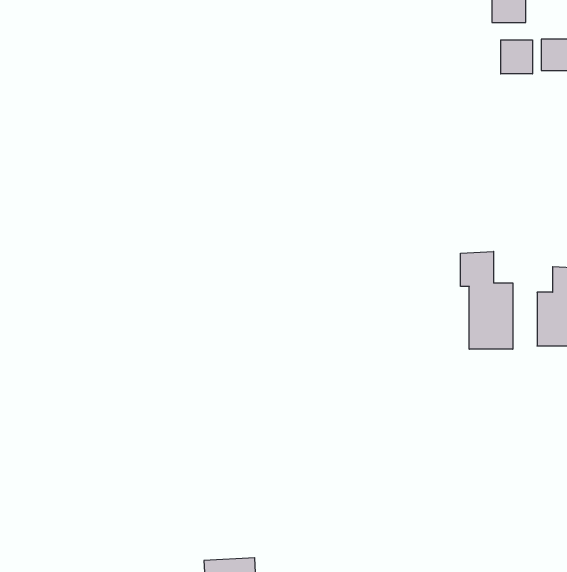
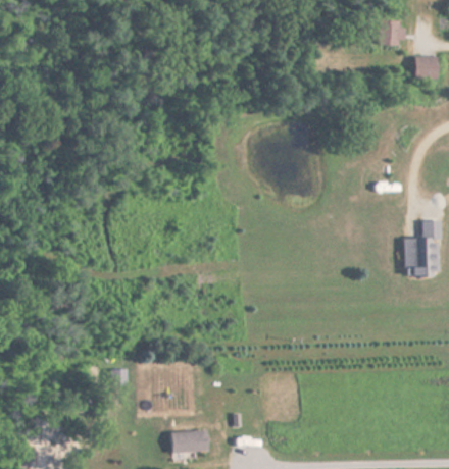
building: [501,40,532,74] -> none
building: [461,251,513,349] -> none

